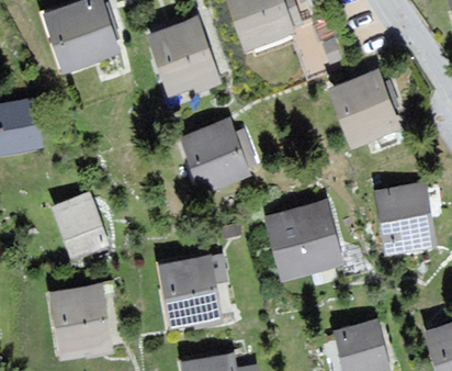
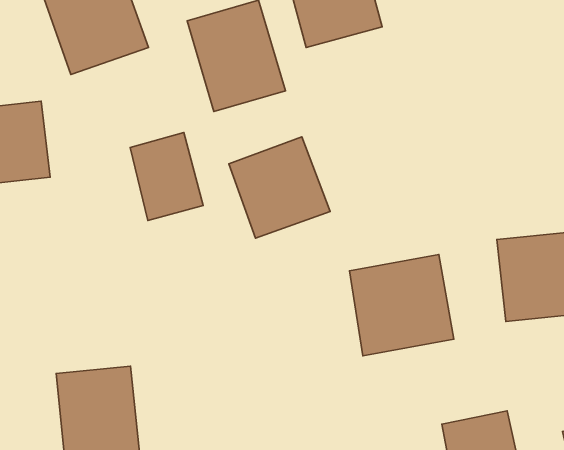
building: [324,68,400,148] -> none
building: [54,192,108,257] -> [130,133,203,220]
building: [158,254,224,331] -> none

